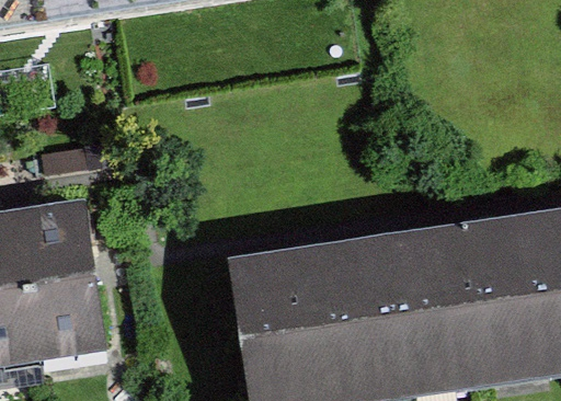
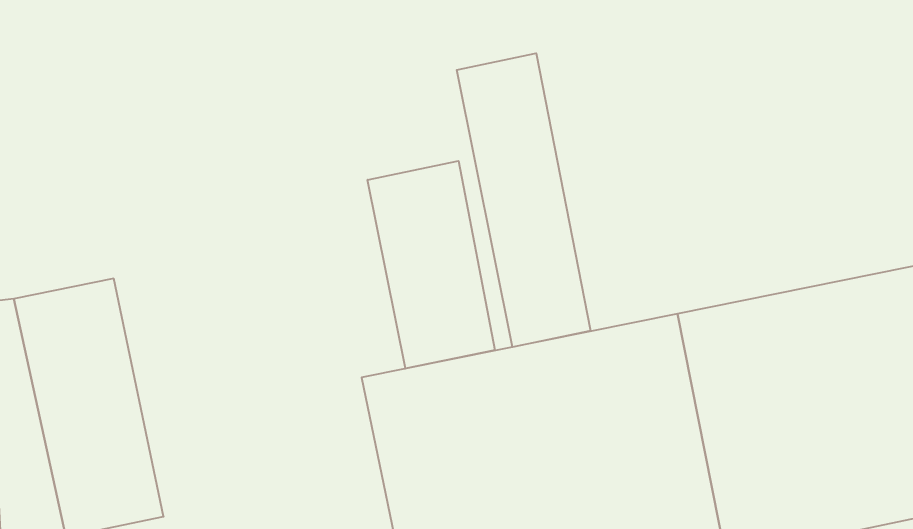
building: none -> [457,53,590,347]
building: none -> [368,161,495,369]

